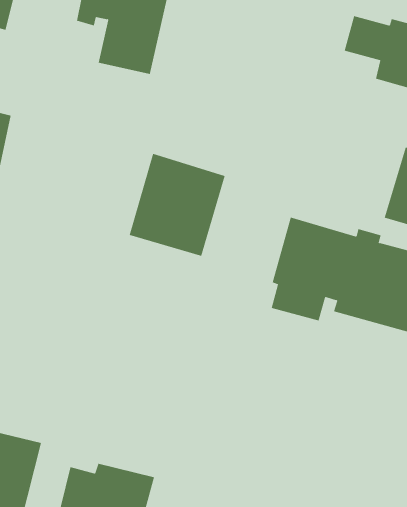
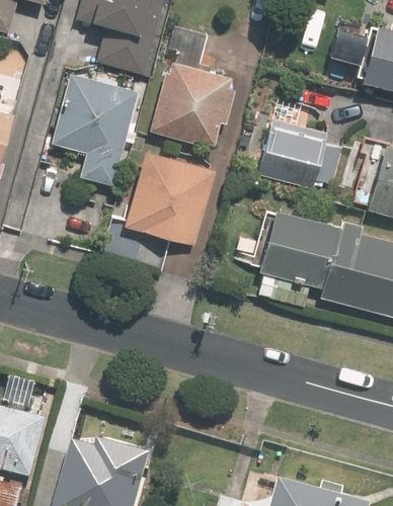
building: none -> [150,63,235,147]
building: none -> [51,73,137,187]
building: none -> [257,122,340,191]

